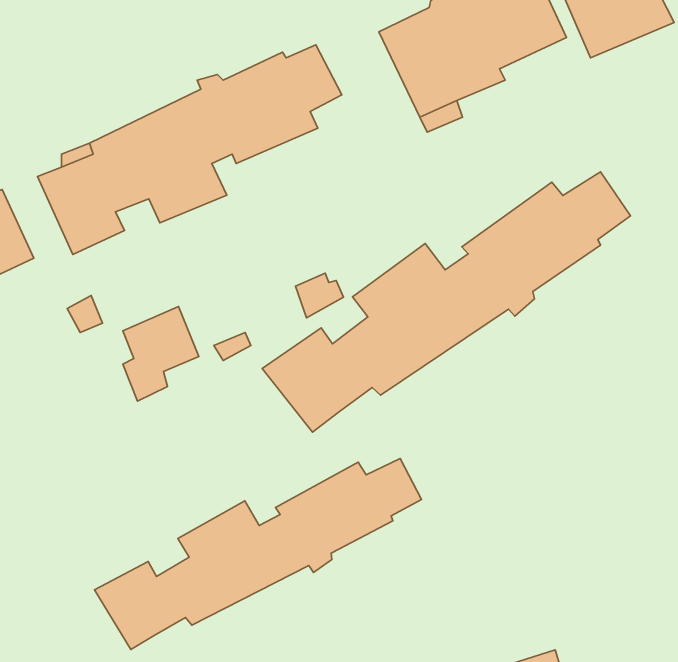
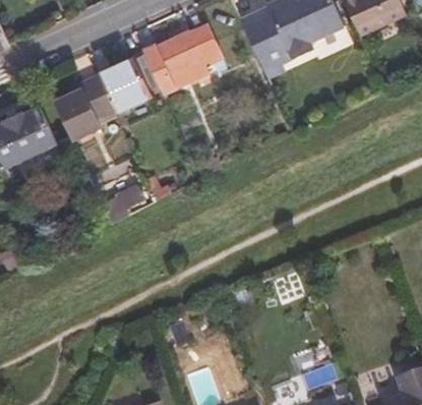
building: [262,172,631,432] -> none
building: [94,459,421,649] -> none

